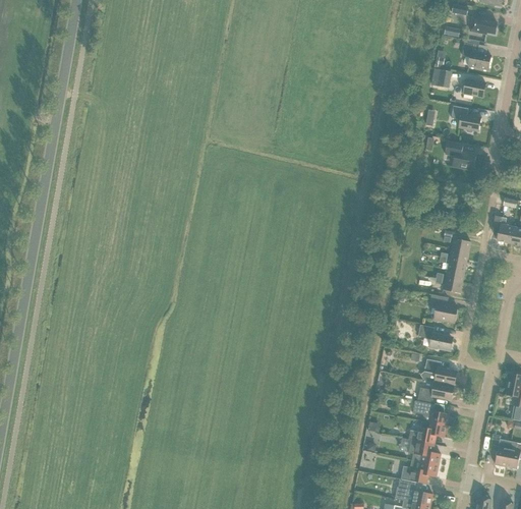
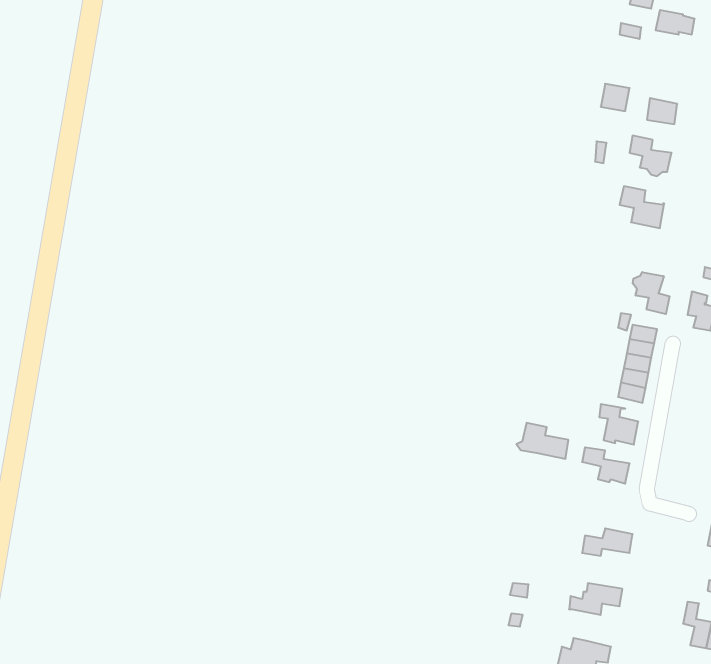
building: [461,42,490,69] -> none
building: none -> [633,272,670,314]
building: [419,358,456,384] -> [516,423,568,459]
building: [412,400,448,425] -> none
building: [408,439,440,465] -> none

